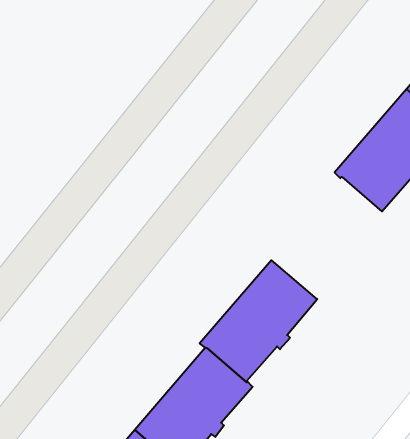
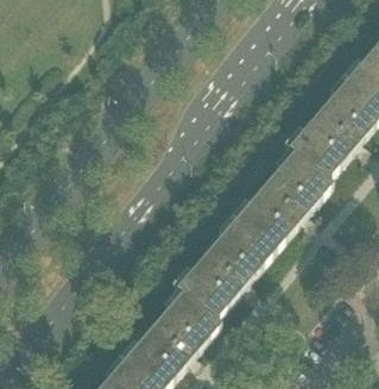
building: none -> [236,151,333,252]

